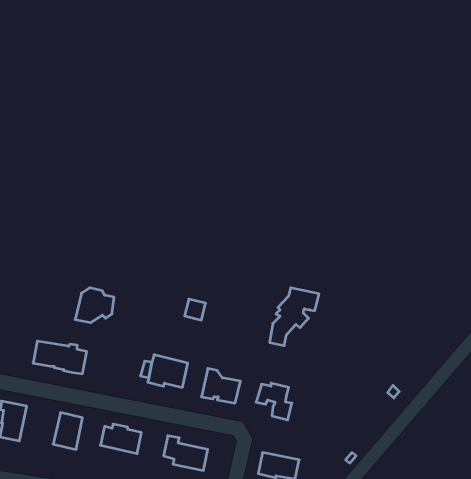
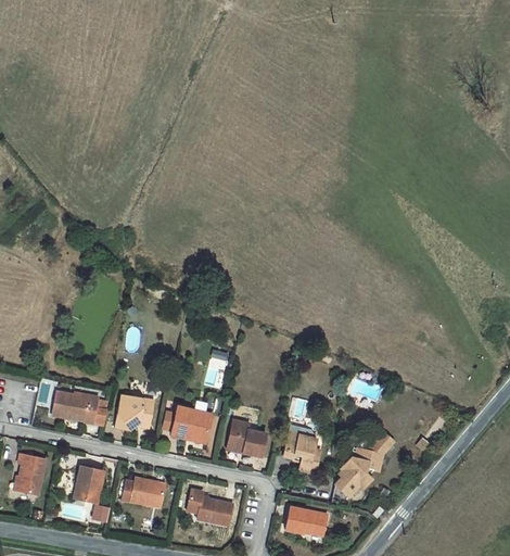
building: [270,288,319,346] -> [331,446,382,506]
building: [75,288,114,323] -> [113,394,153,430]

